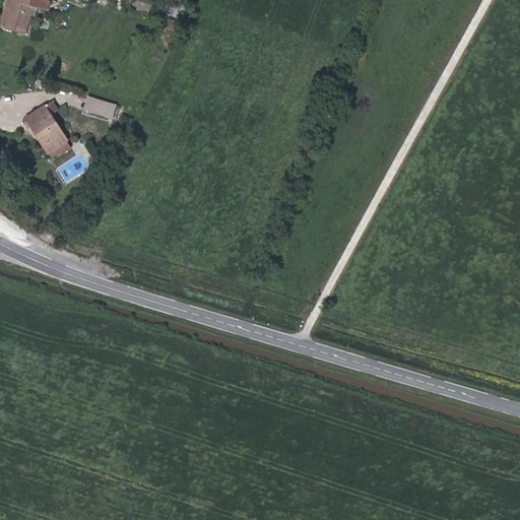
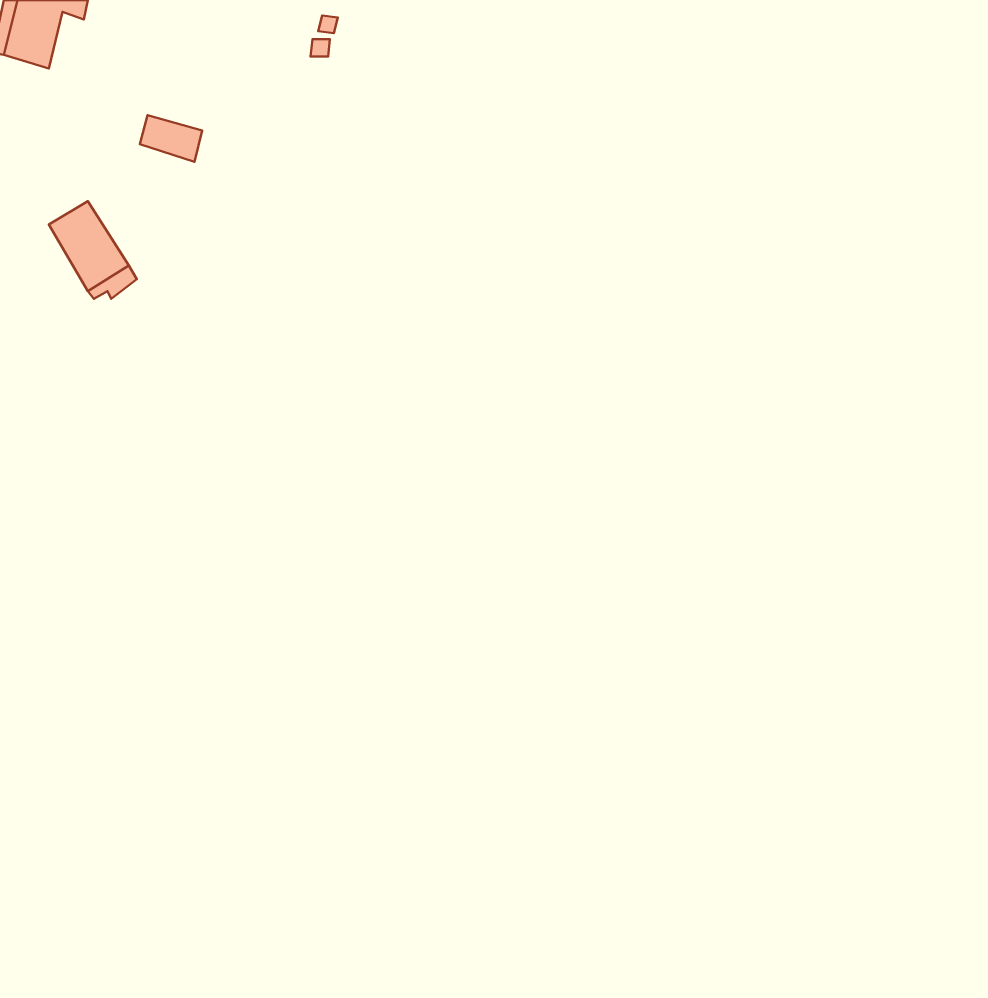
building: [82,96,115,121] -> [140,115,202,162]

